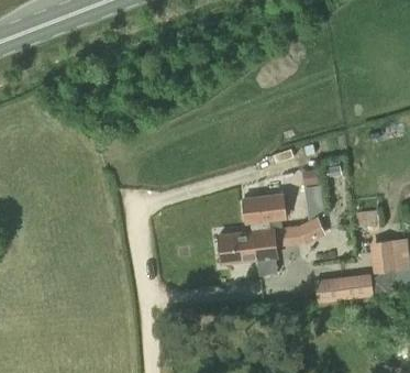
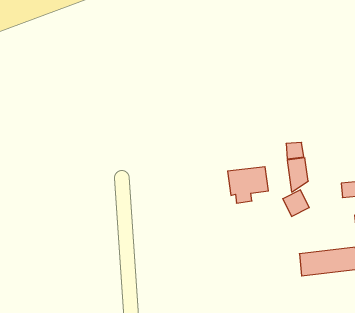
building: [219,229,276,263] -> none

